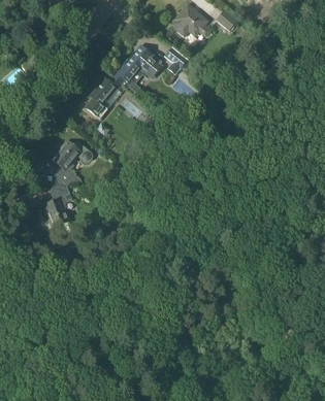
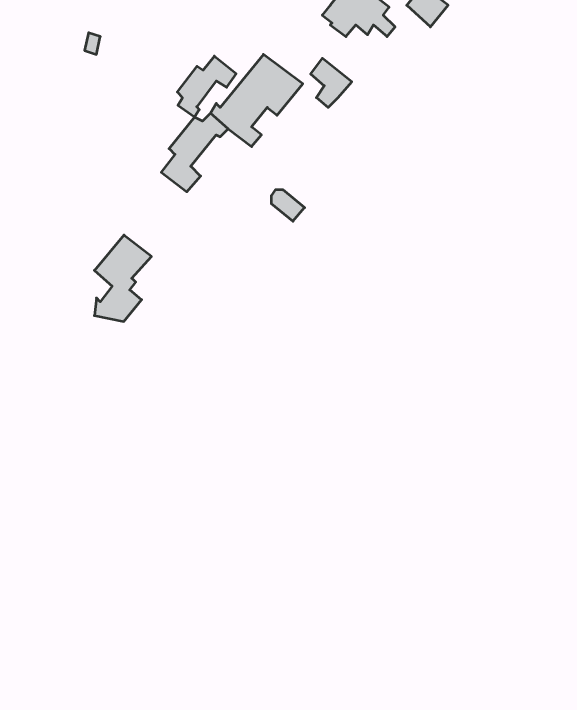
building: none -> [177,56,236,117]
building: [43,181,72,227] -> none

